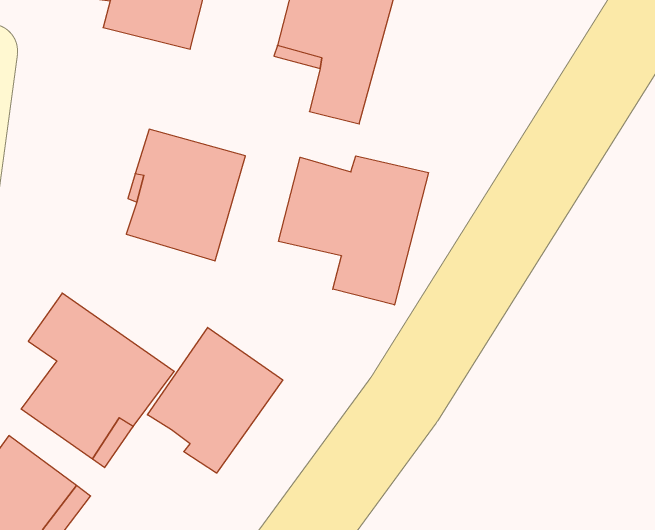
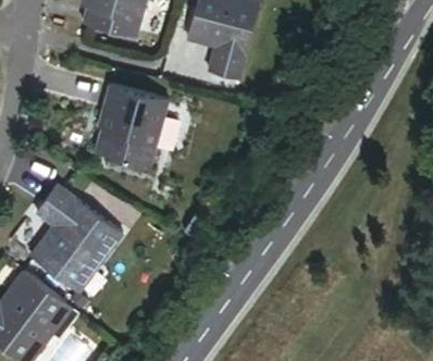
building: [279,156,428,305] -> none
building: [147,327,283,473] -> none

